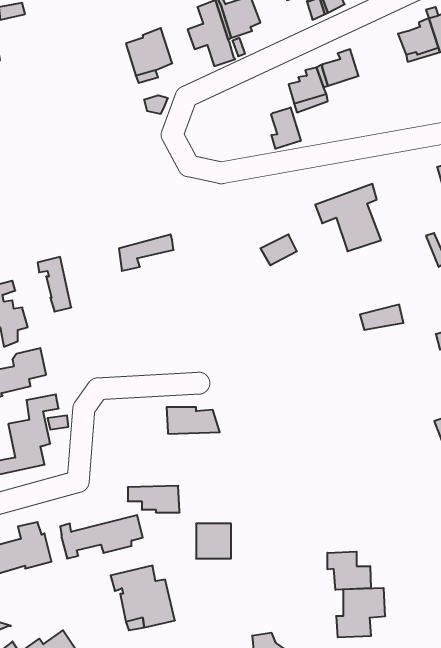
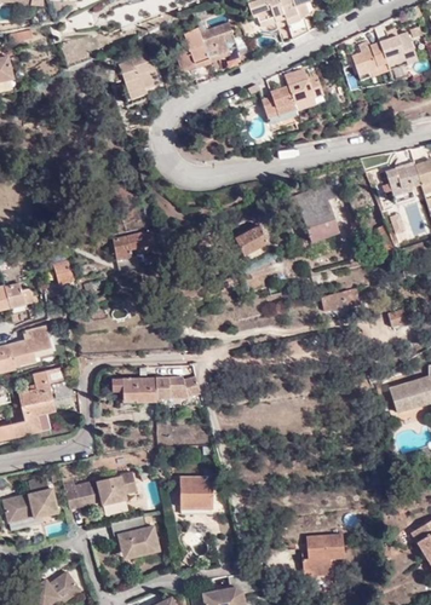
building: [271,107,301,149] -> none
building: [128,486,180,512] -> [113,378,157,401]
building: [327,552,371,590] -> none

